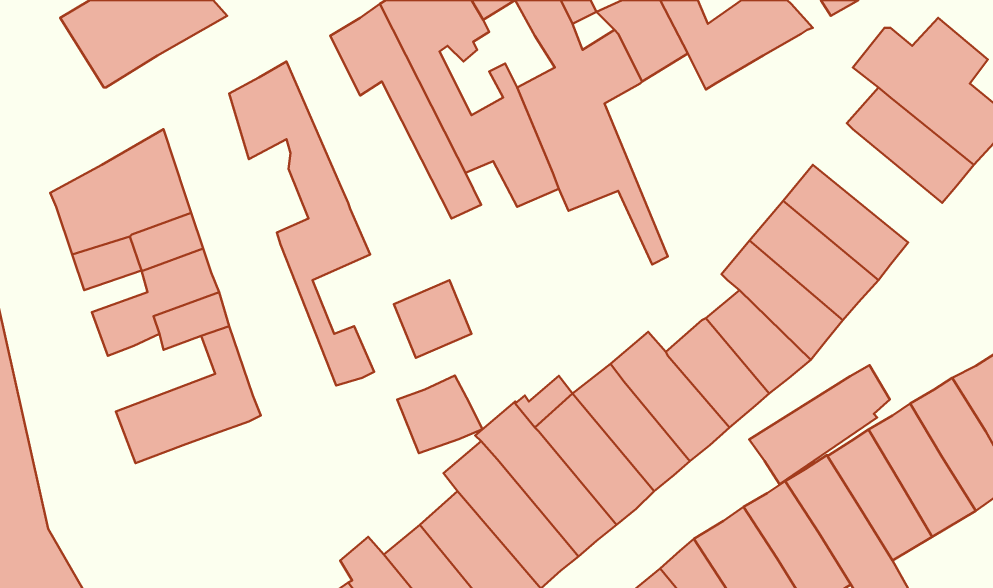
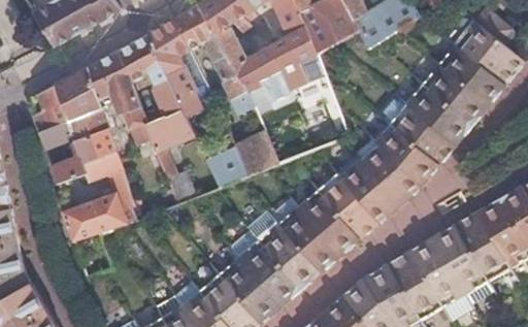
building: none -> [152,19,203,105]
building: none -> [88,48,148,131]
building: none -> [425,64,492,126]
building: [749,365,890,484] -> none
building: [397,376,483,453] -> [236,133,280,173]

